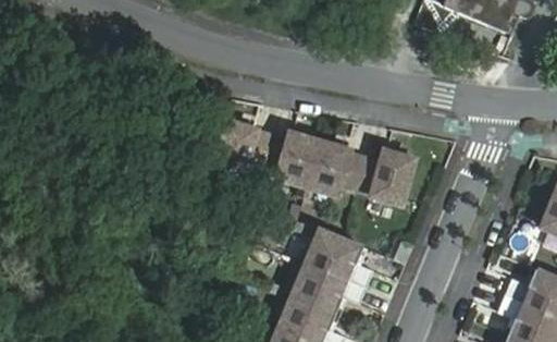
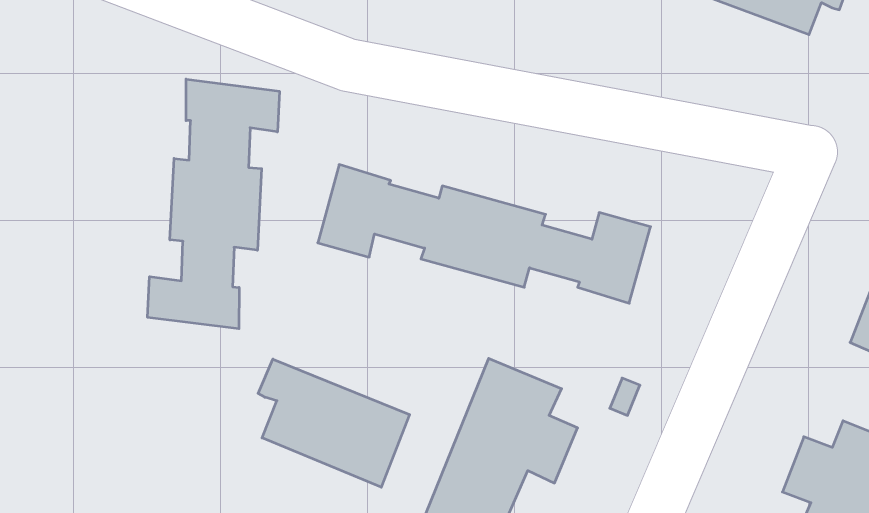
building: none -> [148,79,279,329]
building: none -> [258,359,410,487]

